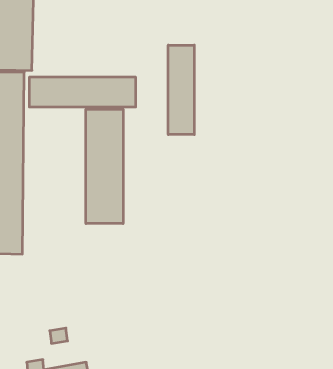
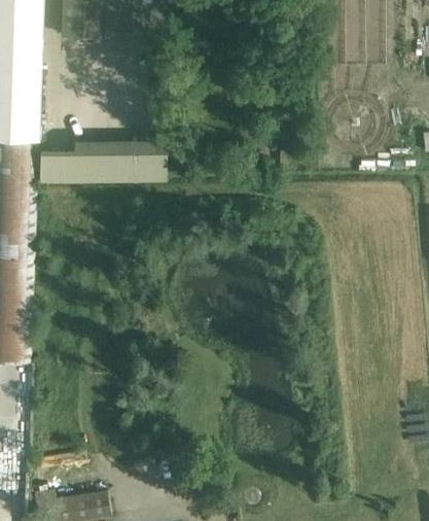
building: [168,45,194,135] -> none
building: [86,109,123,224] -> none

